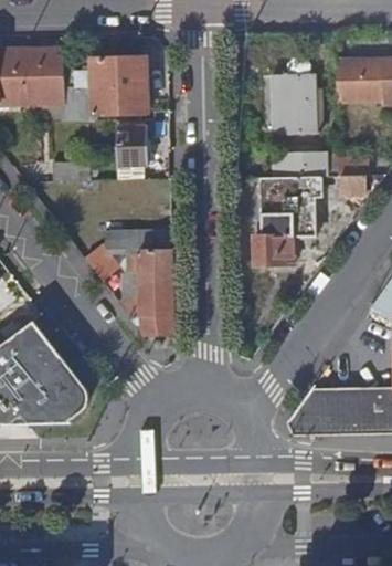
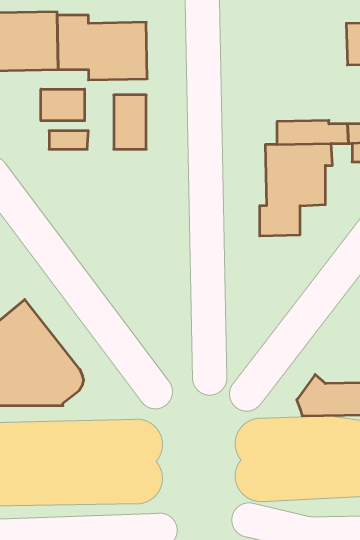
building: [275,57,315,133] -> none
building: none -> [41,89,85,121]
building: [85,231,172,334] -> none

